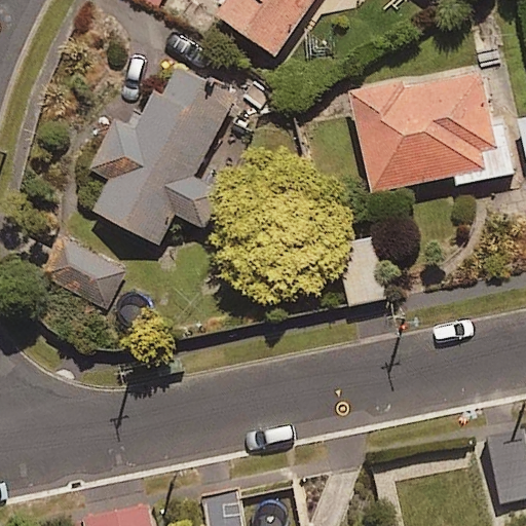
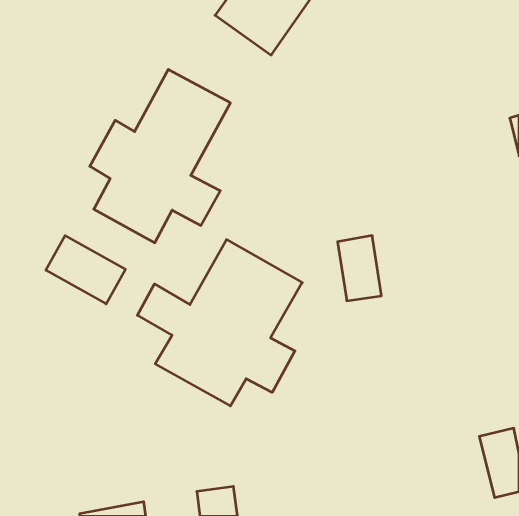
building: [352,74,512,190] -> none
building: none -> [137,240,302,406]

